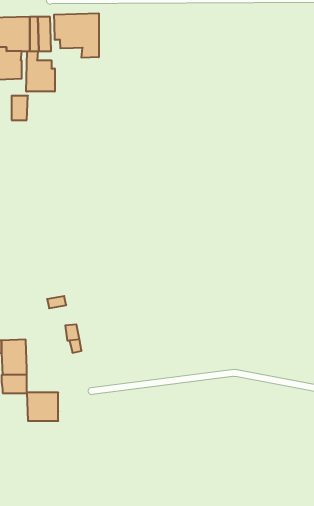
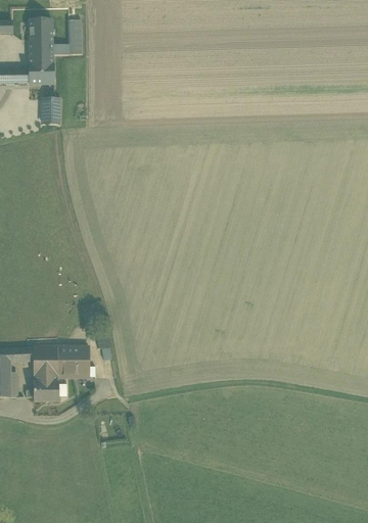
building: [54,13,99,58] -> none
building: [26,51,55,92] -> none
building: [27,393,58,421] -> [56,347,88,376]

